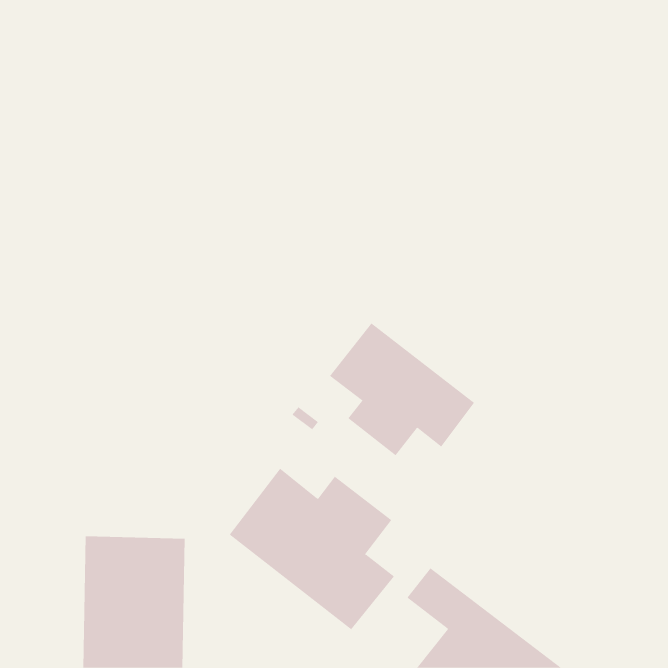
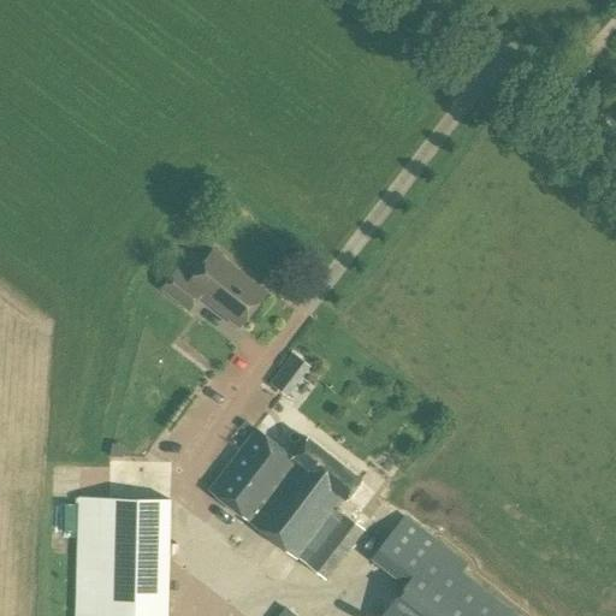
building: none -> [162,251,266,327]
building: [329,322,475,456] -> none

